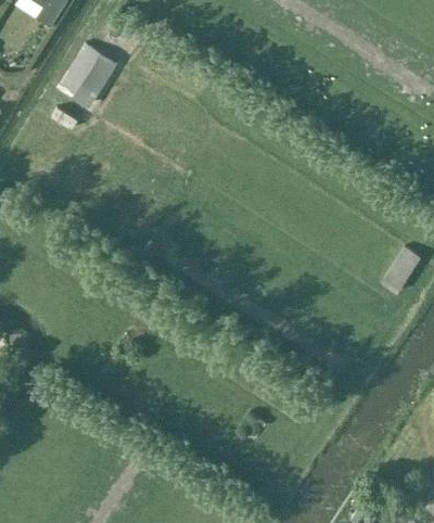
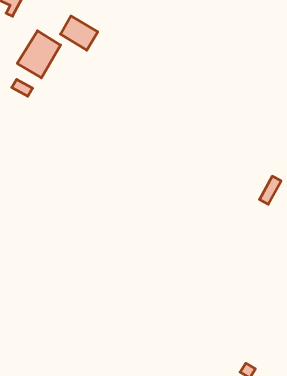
building: none -> [60,16,98,50]

